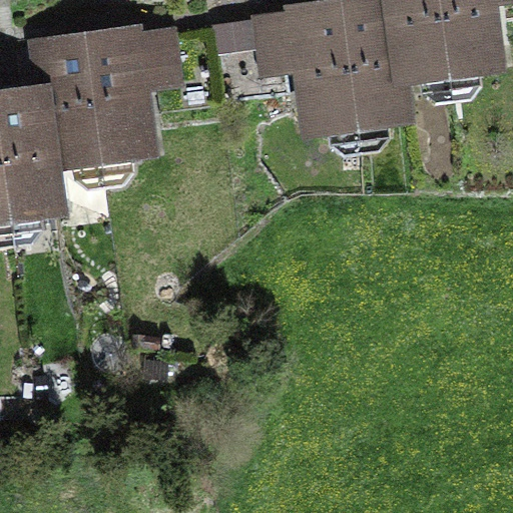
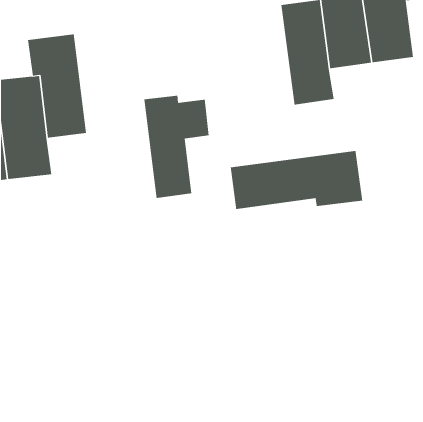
building: [264,6,356,133] -> none
building: [90,36,170,161] -> [143,95,210,198]
building: none -> [230,150,363,210]

